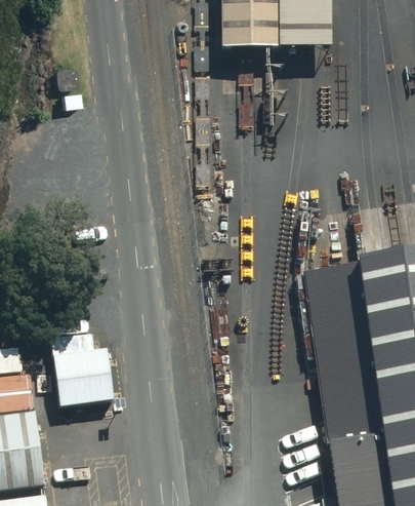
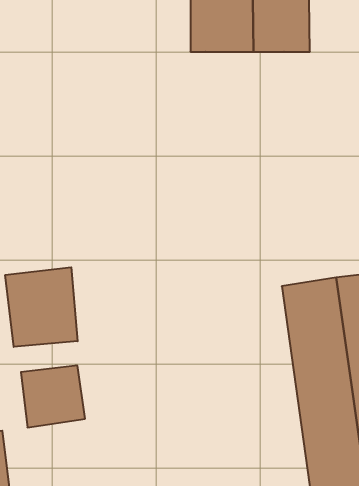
building: none -> [5,267,78,347]

